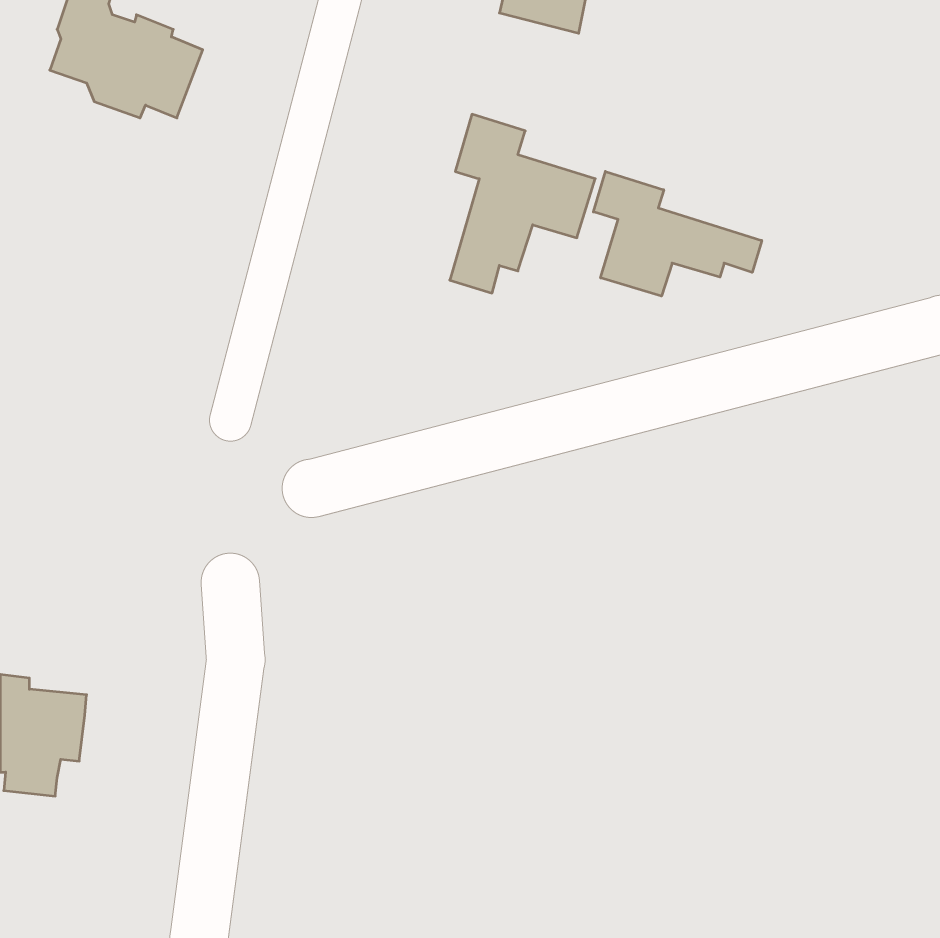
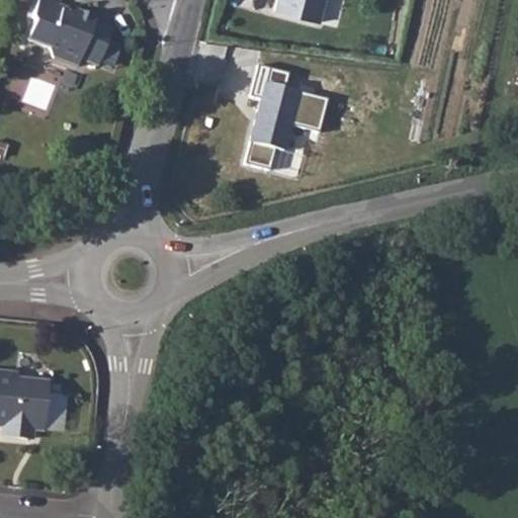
building: [593,171,762,296] -> none
building: none -> [32,393,67,430]

